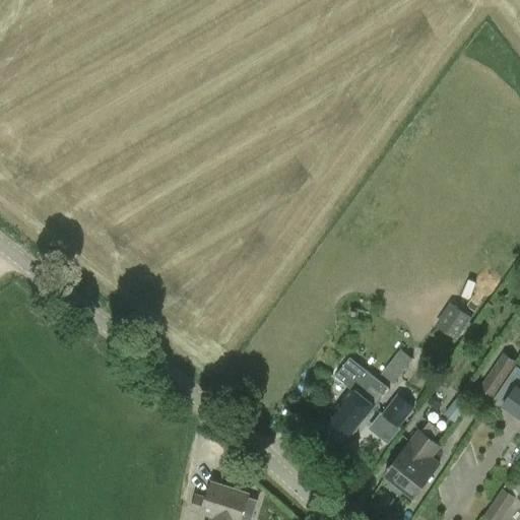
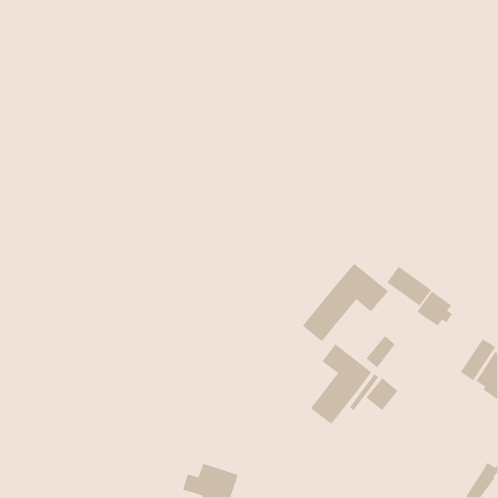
building: none -> [302,263,389,342]
building: none -> [386,266,432,307]
building: [386,421,441,497] -> none

